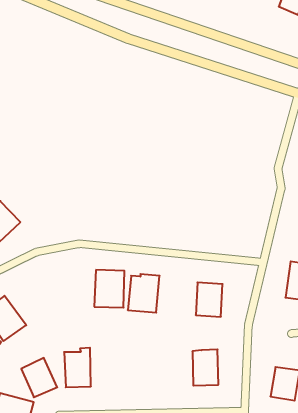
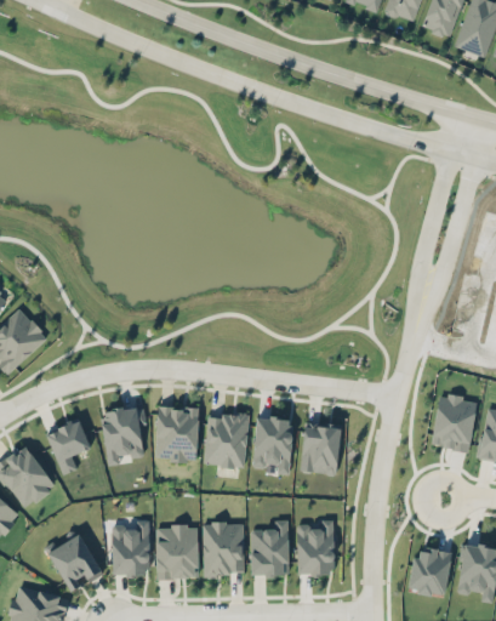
building: none -> [101,405,146,466]
building: none -> [252,416,295,473]
building: none -> [46,420,91,474]
building: none -> [251,519,290,575]
building: none -> [204,522,245,575]
building: none -> [155,525,200,579]

